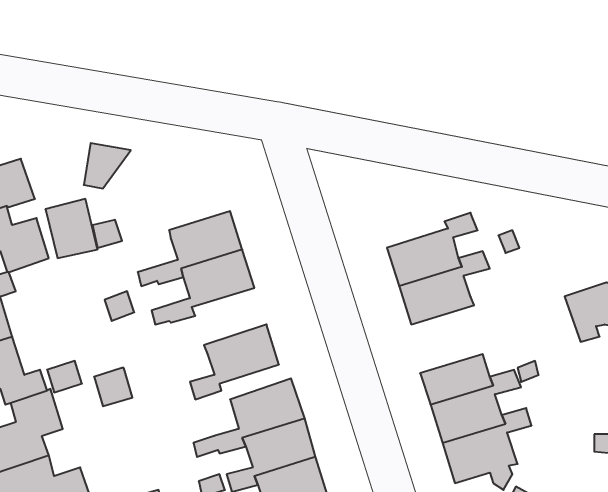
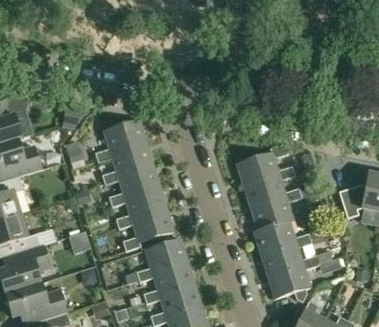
building: none -> [95,119,146,162]
building: none -> [116,186,167,228]
building: none -> [250,187,302,235]

